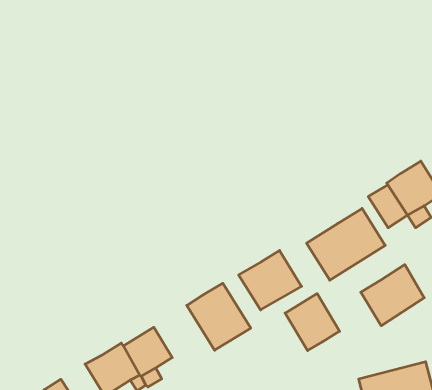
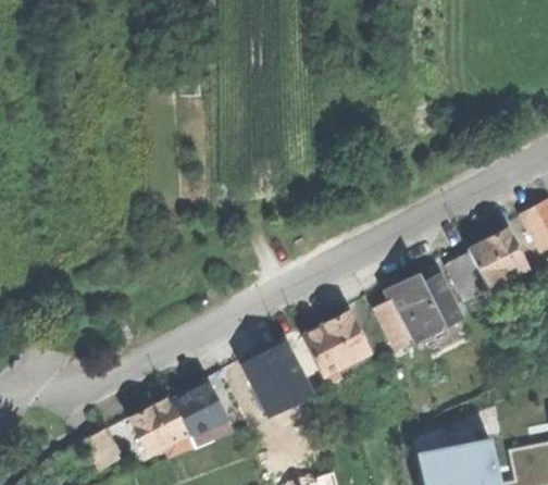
building: [361,265,424,326] -> none
building: [285,294,340,351] -> none

